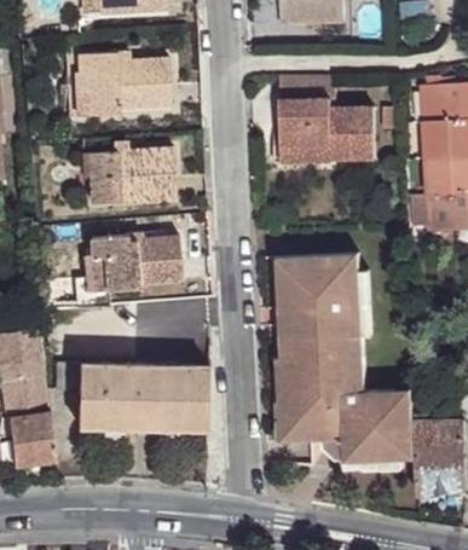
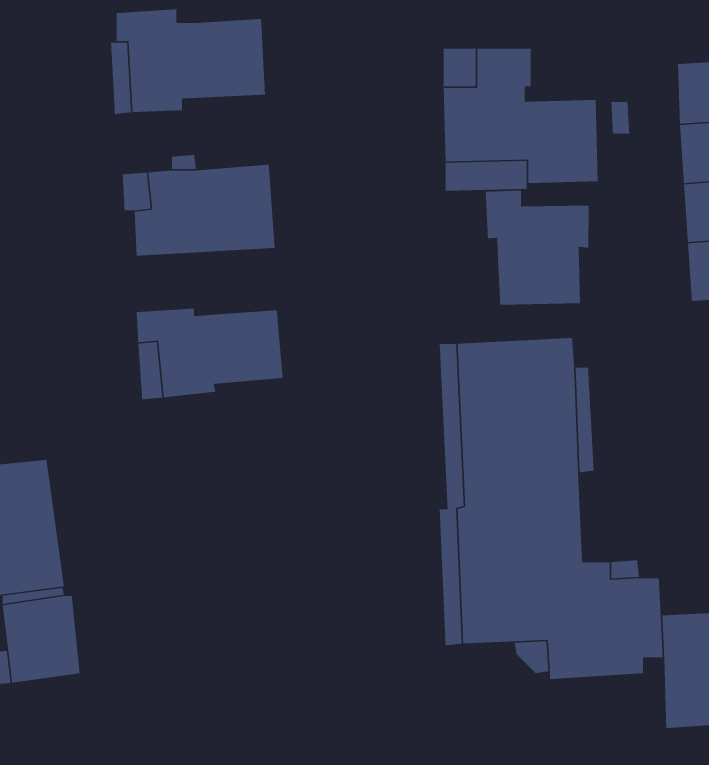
building: none -> [485,190,590,306]
building: [54,363,207,429] -> none

